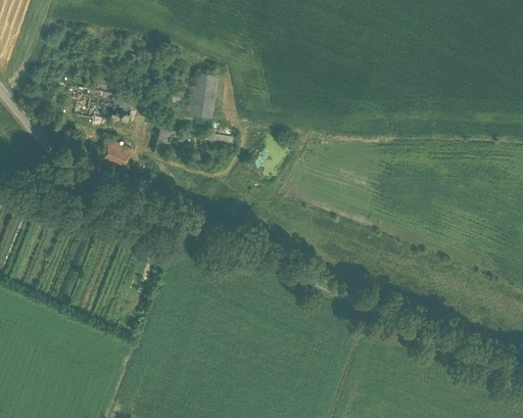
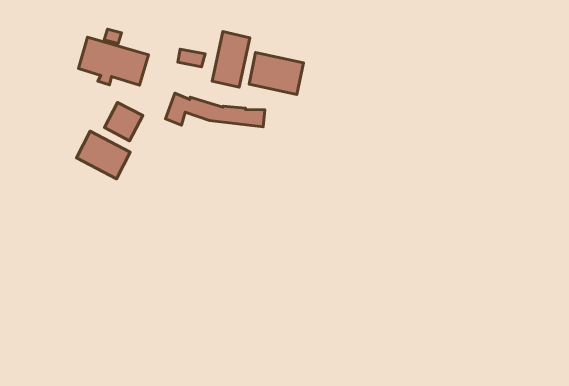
building: none -> [249,52,303,94]
building: none -> [76,131,130,179]

